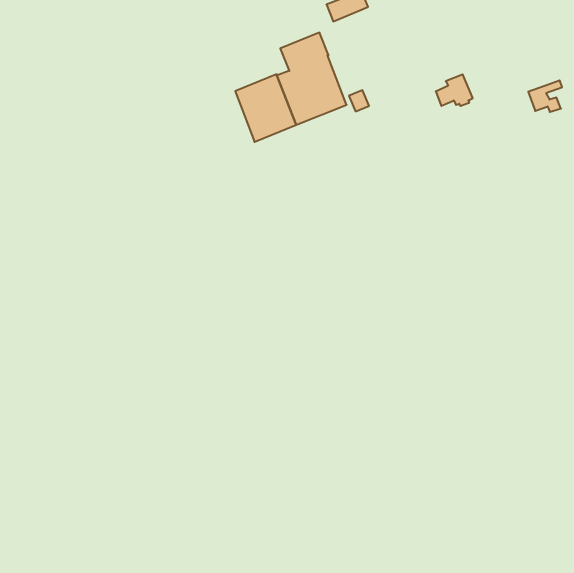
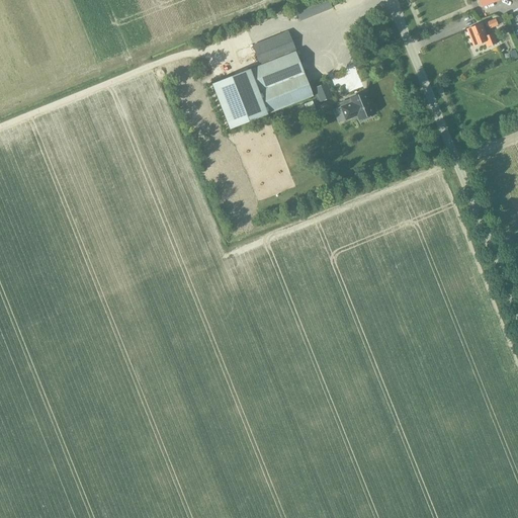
building: [436,74,473,106] -> [341,90,374,118]
building: [528,80,562,112] -> [467,17,498,46]

